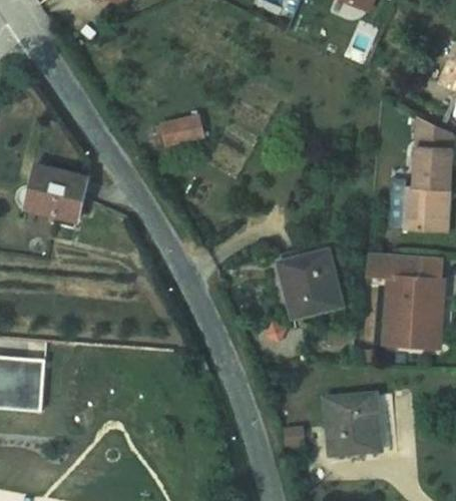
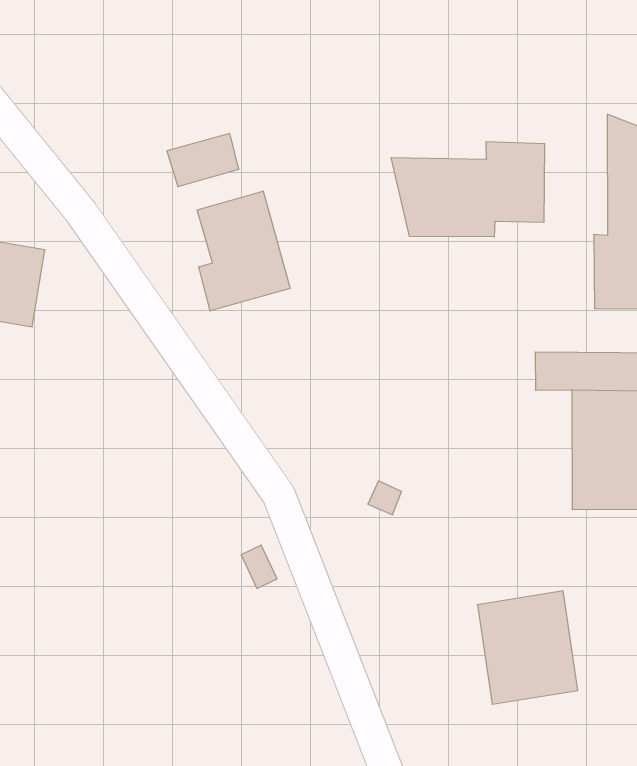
building: none -> [391,142,545,237]
building: none -> [197,191,290,311]
building: [278,248,341,318] -> none

